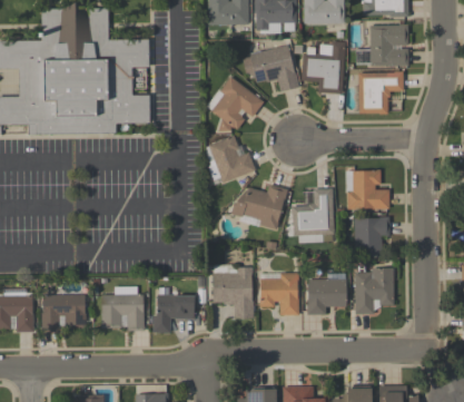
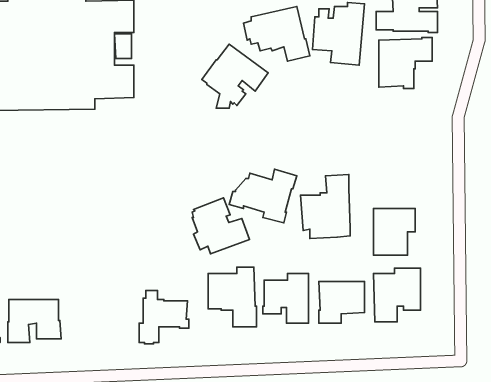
building: [207,135,256,183] -> [192,198,250,254]
building: [346,169,389,209] -> none
building: [101,286,145,331] -> none

